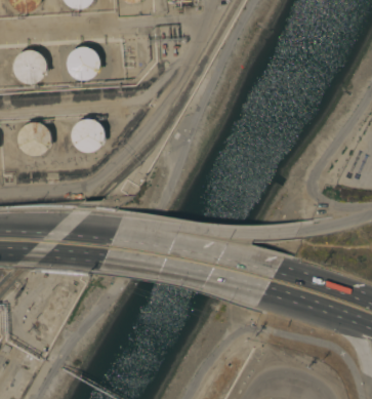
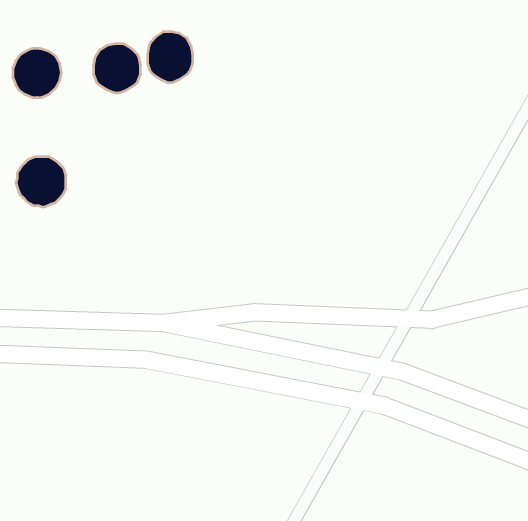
building: none -> [148,31,192,83]
building: [72,118,105,151] -> none

